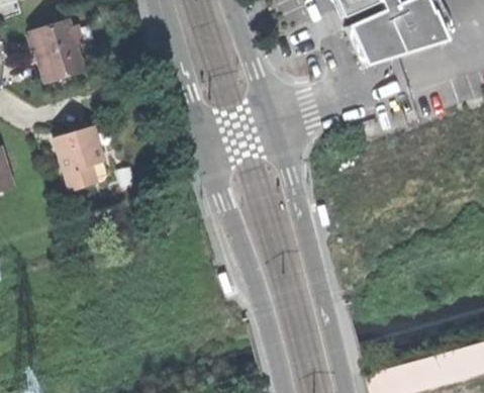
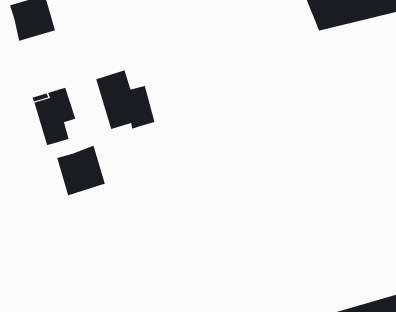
building: none -> [96,70,155,130]
building: none -> [57,145,105,196]

